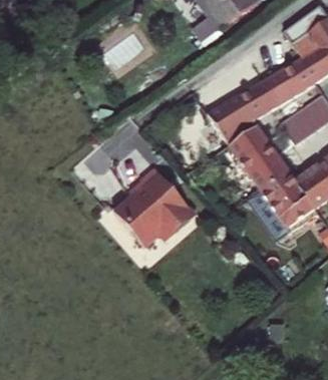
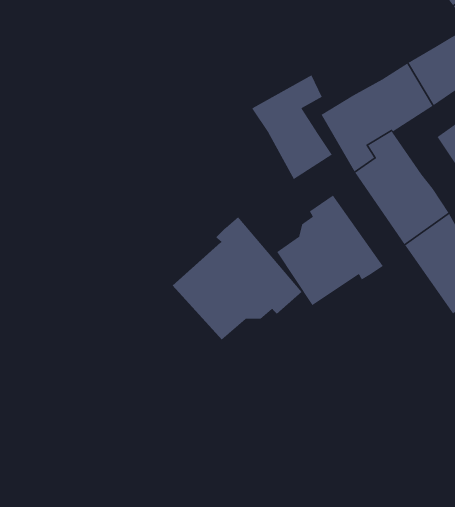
building: none -> [251,74,333,180]
building: none -> [276,195,384,306]

